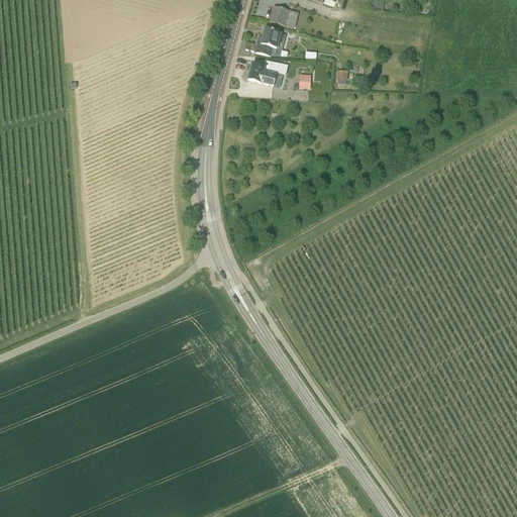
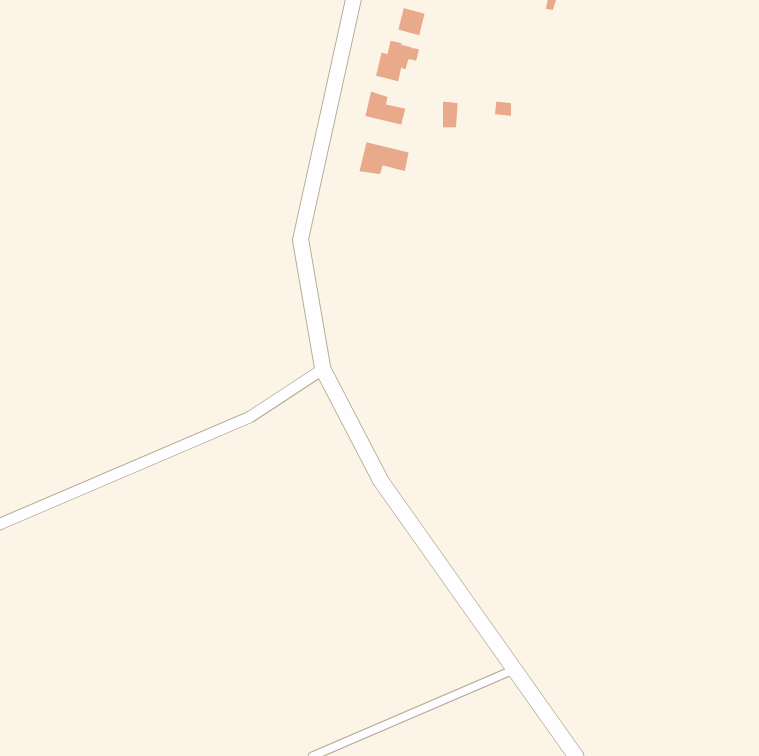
building: none -> [359,142,409,175]

